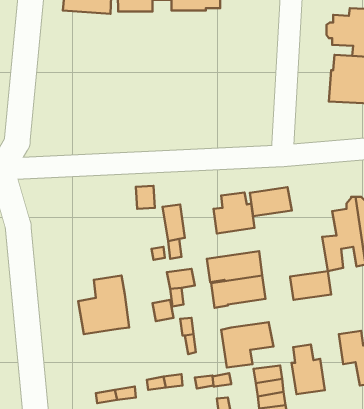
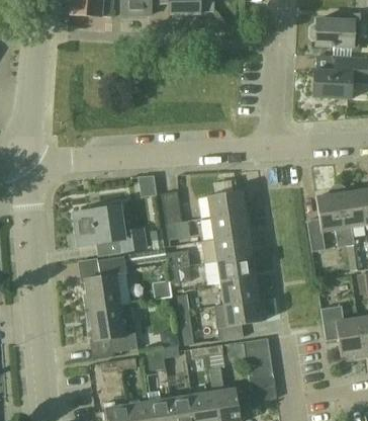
building: [250,187,292,216] -> [210,213,249,239]
building: none -> [73,205,148,253]
building: [290,271,331,300] -> [220,277,258,304]
building: none -> [89,304,137,353]
building: [292,345,325,394] -> none

